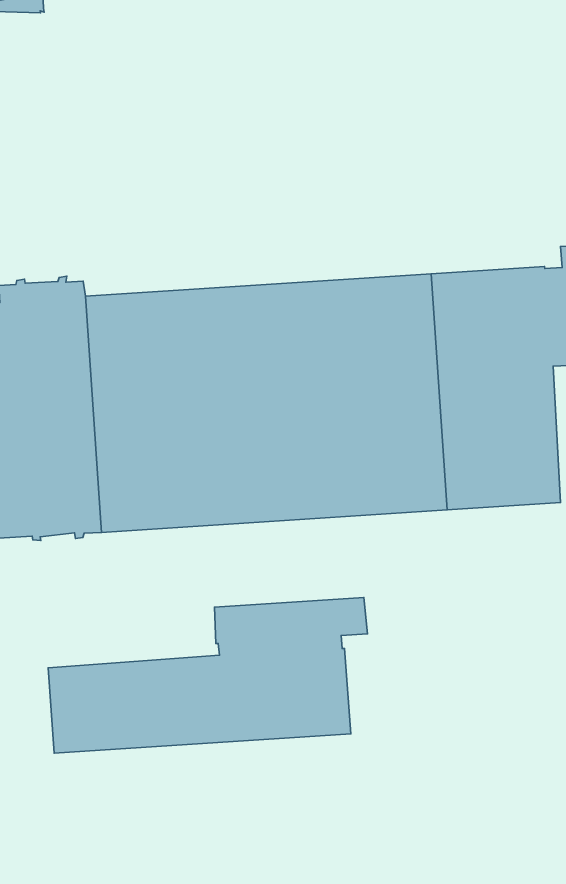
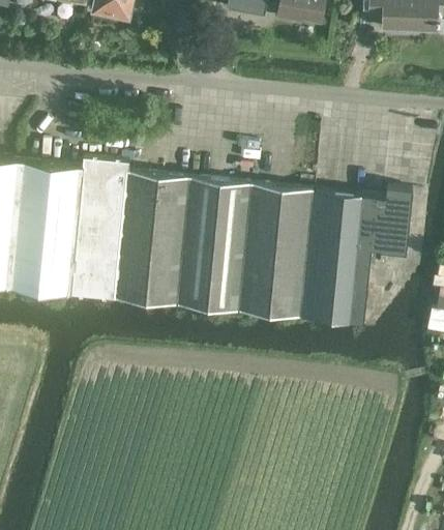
building: [48,598,368,753] -> none

